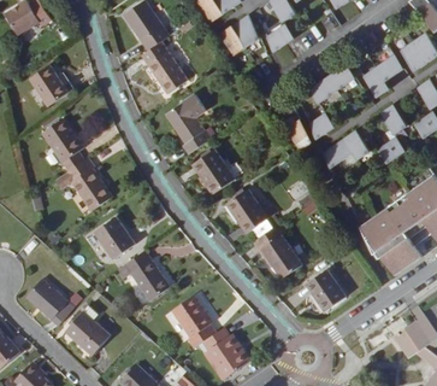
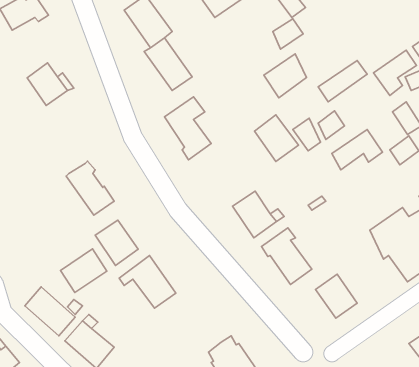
building: [217,13,258,55] -> [264,54,307,98]
building: [42,119,84,171] -> none
building: [193,148,235,193] -> [254,115,298,161]
building: none -> [61,249,107,292]
building: [169,296,214,350] -> none

